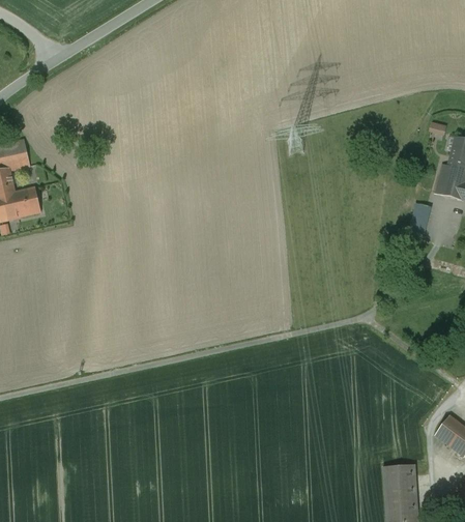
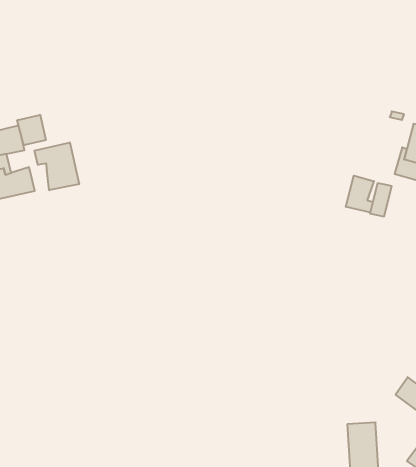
building: none -> [17,115,46,145]
building: none -> [35,142,79,190]
building: none -> [346,176,374,212]

